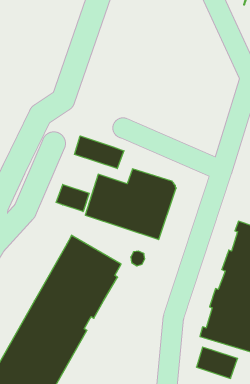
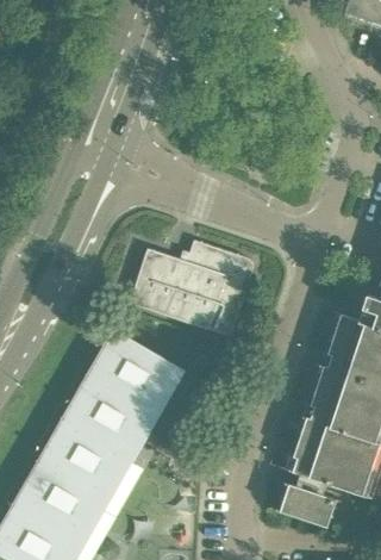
building: [74,136,124,169] -> none
building: [56,184,89,212] -> none

